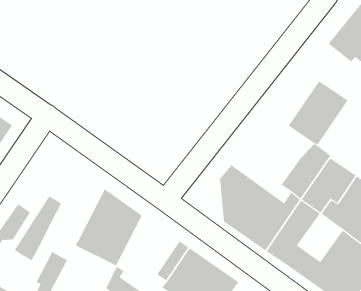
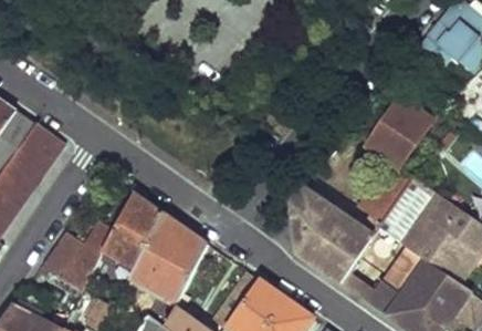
building: none -> [104,193,163,267]

